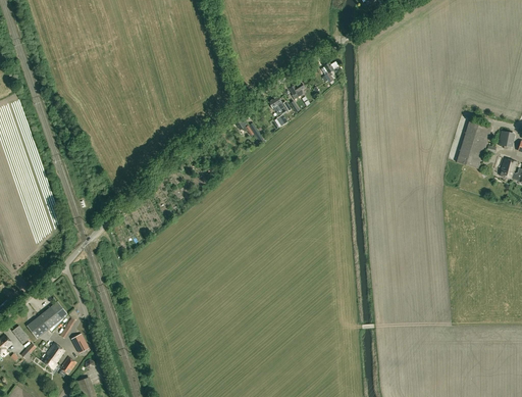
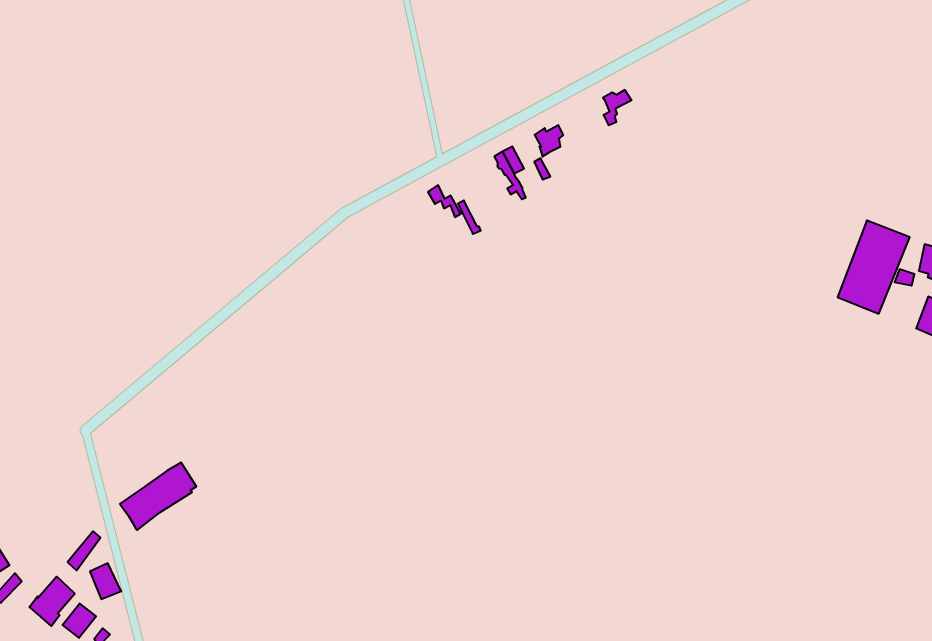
building: [27,301,66,339] -> [120,462,196,530]

